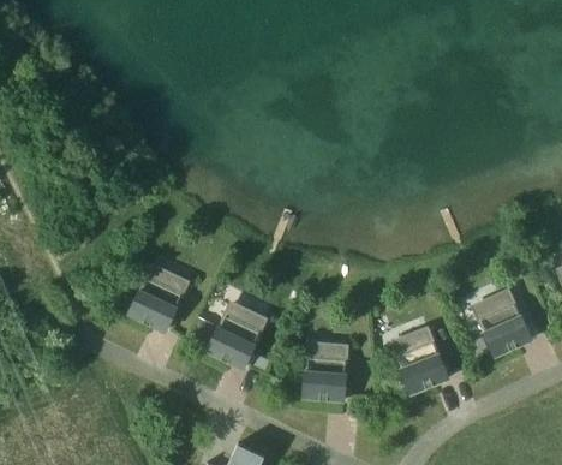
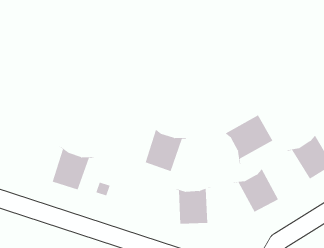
building: none -> [221,115,273,165]
building: [207,298,271,366] -> [145,126,187,172]

